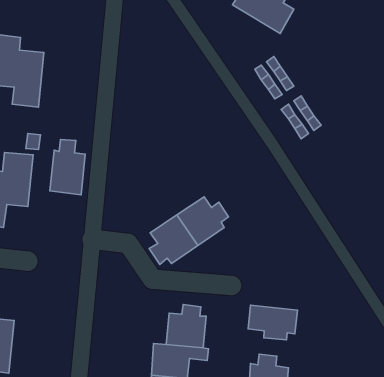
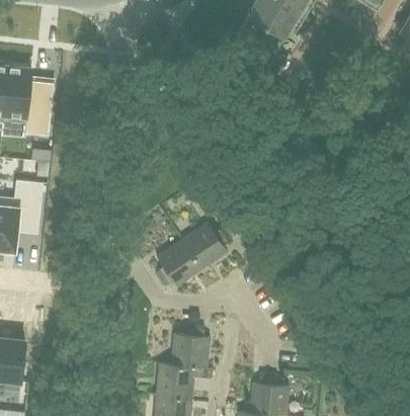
building: [50,139,85,195] -> none
building: [248,305,297,340] -> none

